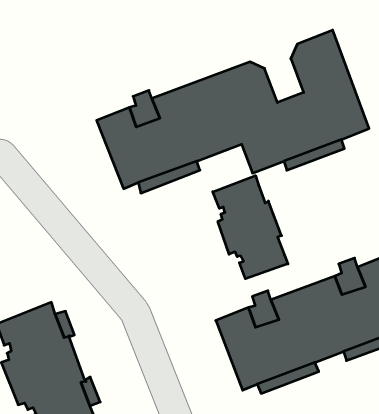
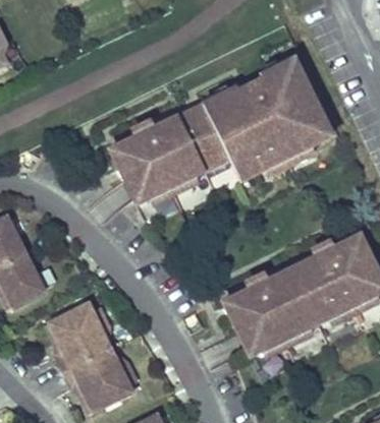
building: none -> [229,72,275,121]
building: [213,176,288,279] -> none

